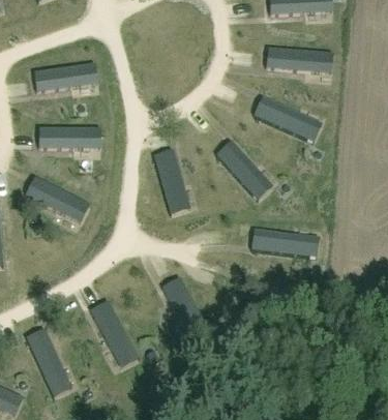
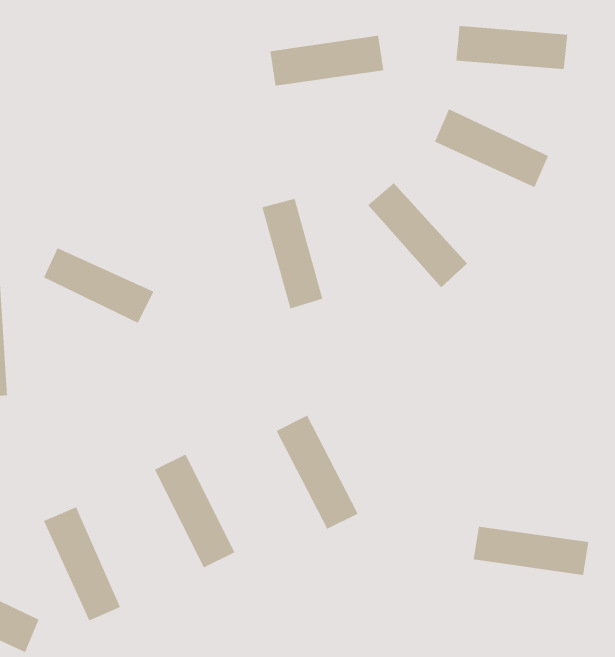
building: [35,61,102,91] -> [270,35,384,86]
building: [37,126,102,148] -> none
building: [251,229,320,258] -> [473,526,589,575]

